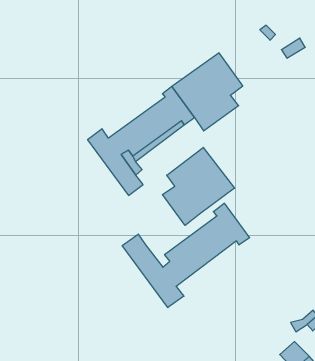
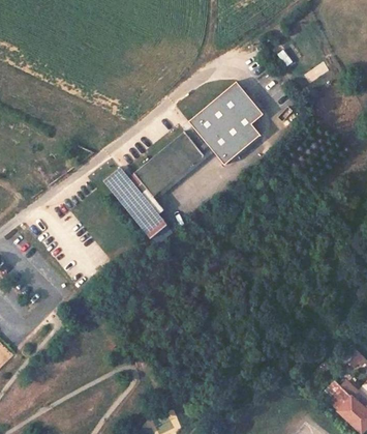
building: [162,147,235,225] -> none
building: [122,203,250,308] -> none

